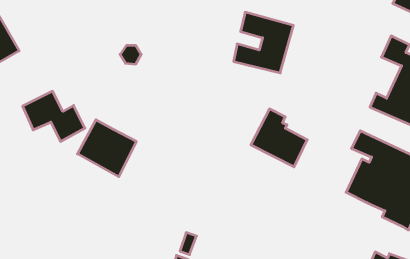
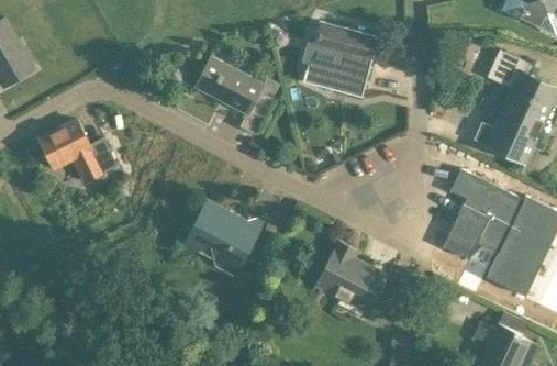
building: none -> [194,57,270,133]
building: [251,109,307,167] -> [315,241,386,313]
building: [77,120,136,177] -> [185,201,258,273]

